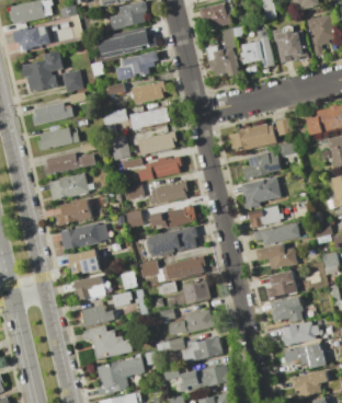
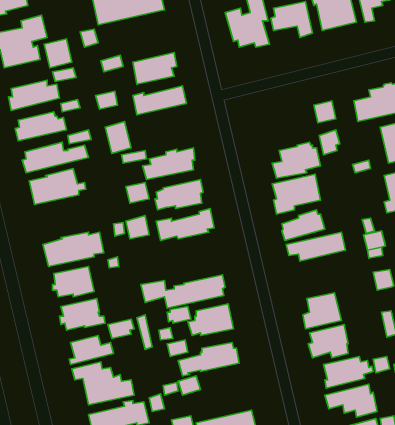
building: [114,51,158,81] -> none
building: [230,123,276,150] -> none
building: [138,131,176,154] -> none
building: [56,198,91,226] -> none
building: [147,226,197,257] -> none
building: [256,243,298,272] -> none
building: [182,336,223,362] -> none

